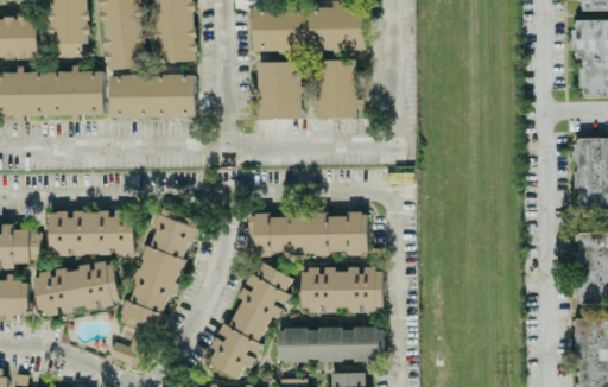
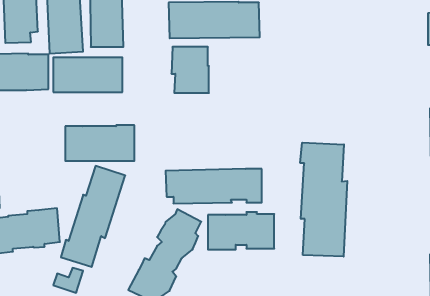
building: [312,59,363,118] -> none
building: none -> [300,143,347,257]
building: [49,210,134,254] -> [65,125,134,161]
building: [277,328,382,362] -> none

